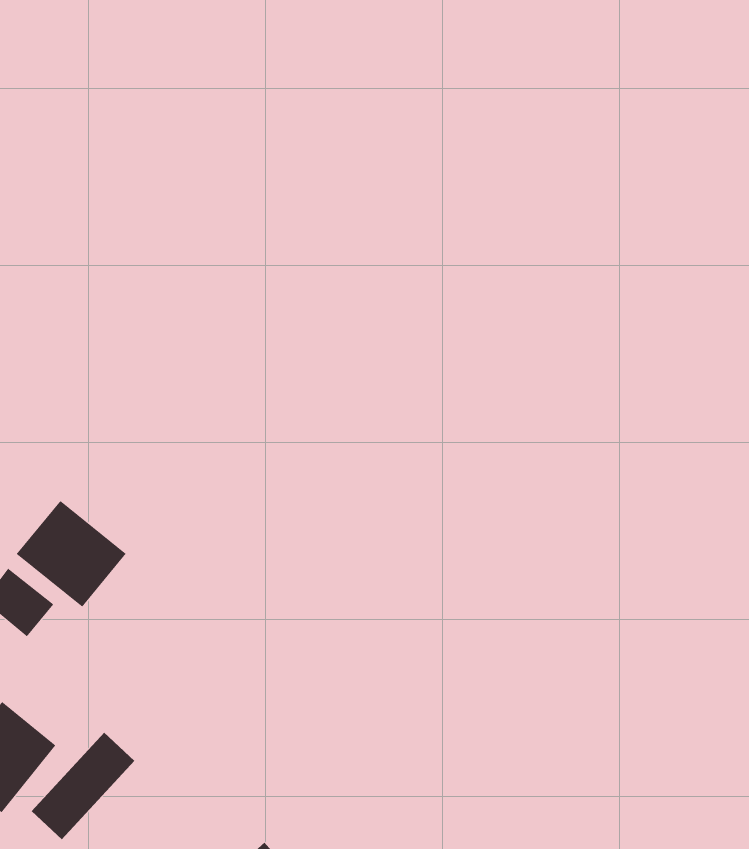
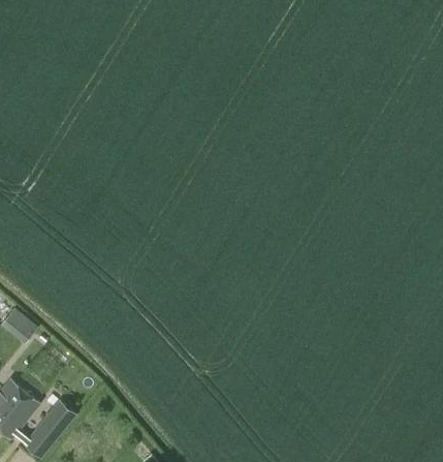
building: [16,500,127,608] -> none

